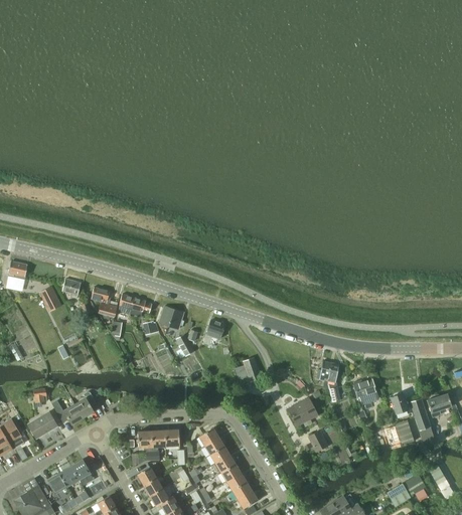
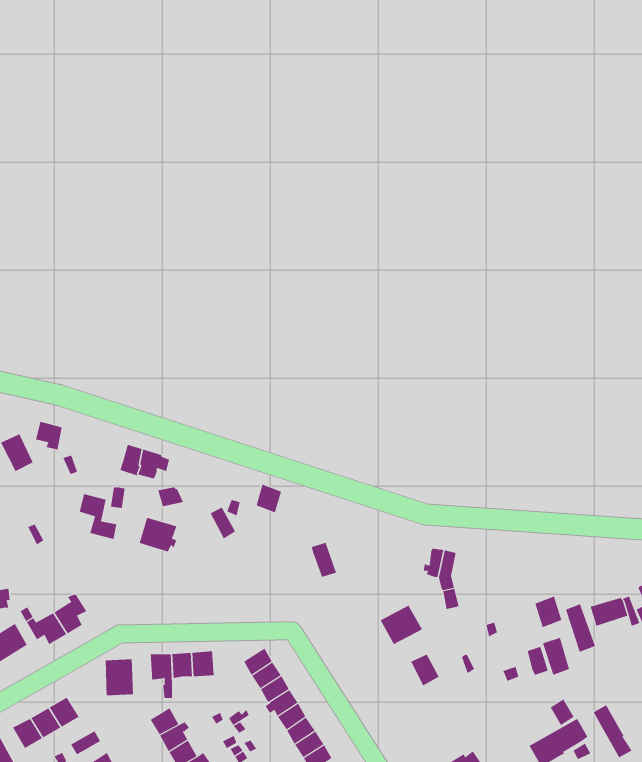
building: [92,287,117,317] -> [79,493,117,539]
building: [159,306,184,329] -> [139,517,177,552]
building: [353,379,380,404] -> none
building: none -> [105,658,133,696]

